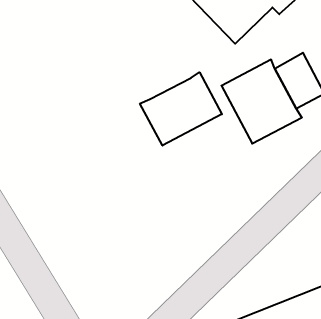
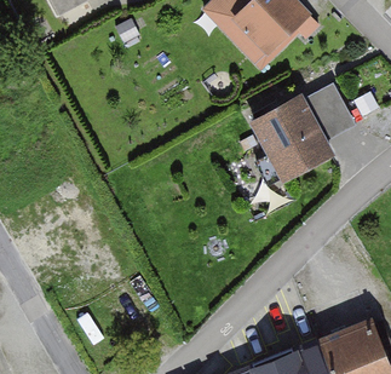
building: [140,72,222,146] -> none

